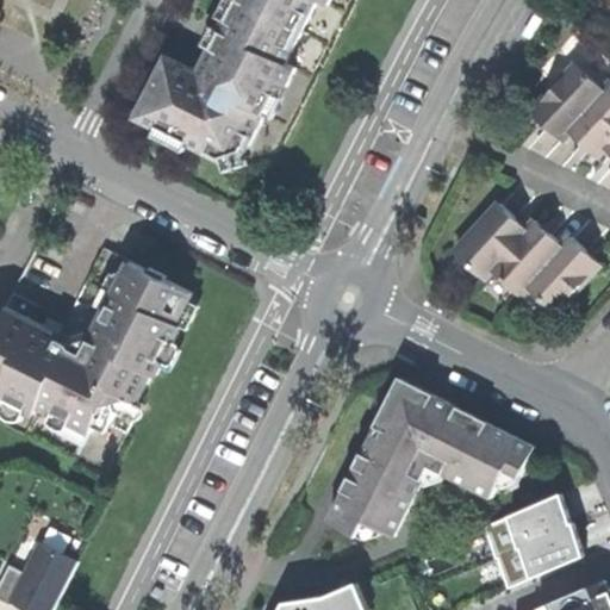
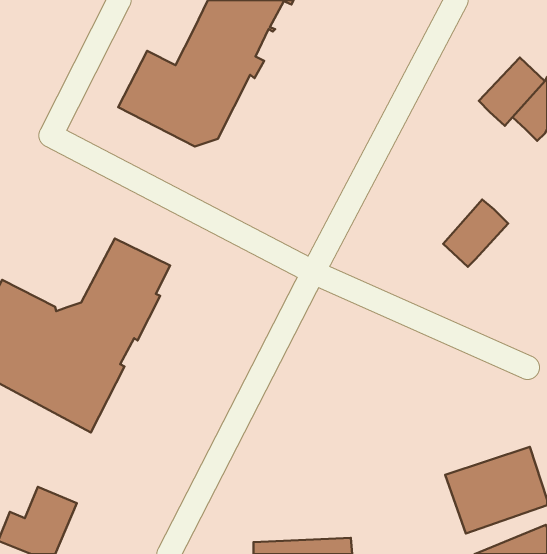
building: [450,203,523,276] -> none
building: [523,236,596,311] -> none
building: [325,374,531,535] -> none

